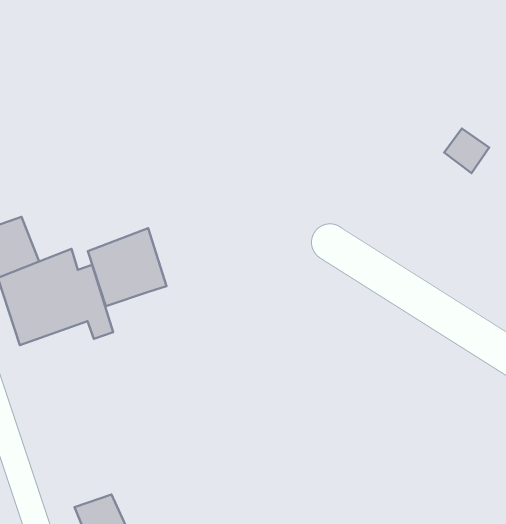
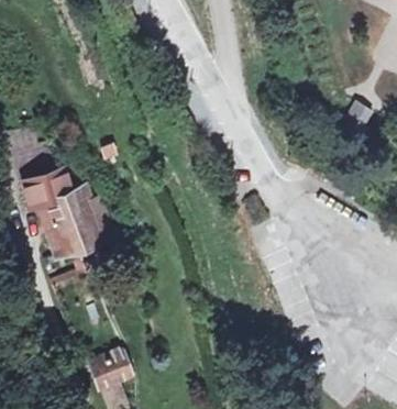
building: [88,228,166,306] -> none

